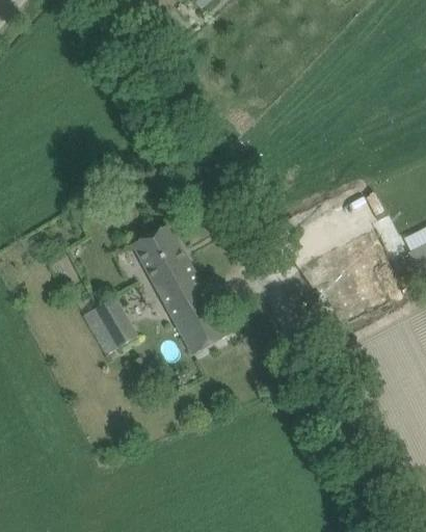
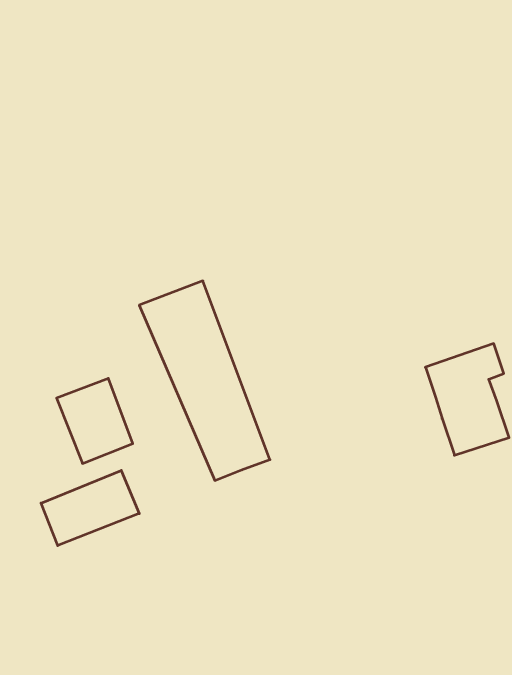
building: none -> [41,470,139,546]

